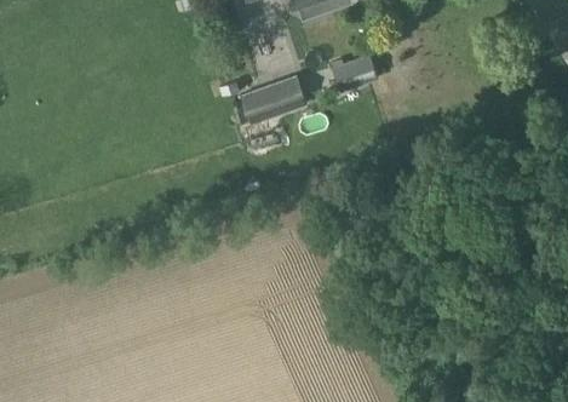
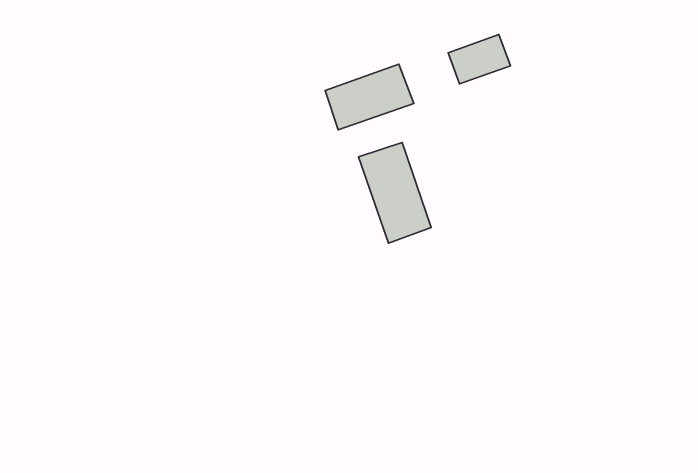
building: none -> [358,143,431,243]

